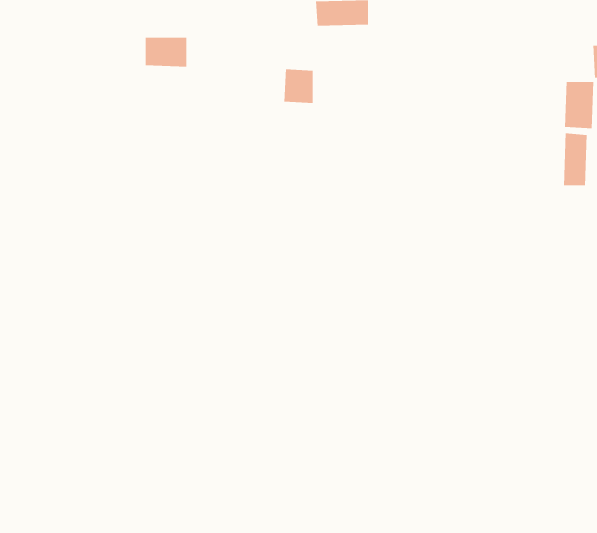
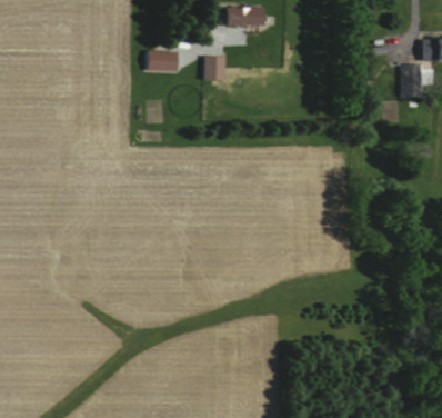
building: [145,37,187,67] -> [148,50,178,71]
building: [563,133,587,186] -> none

